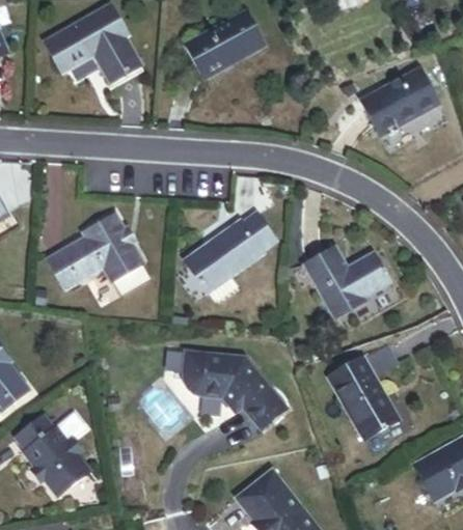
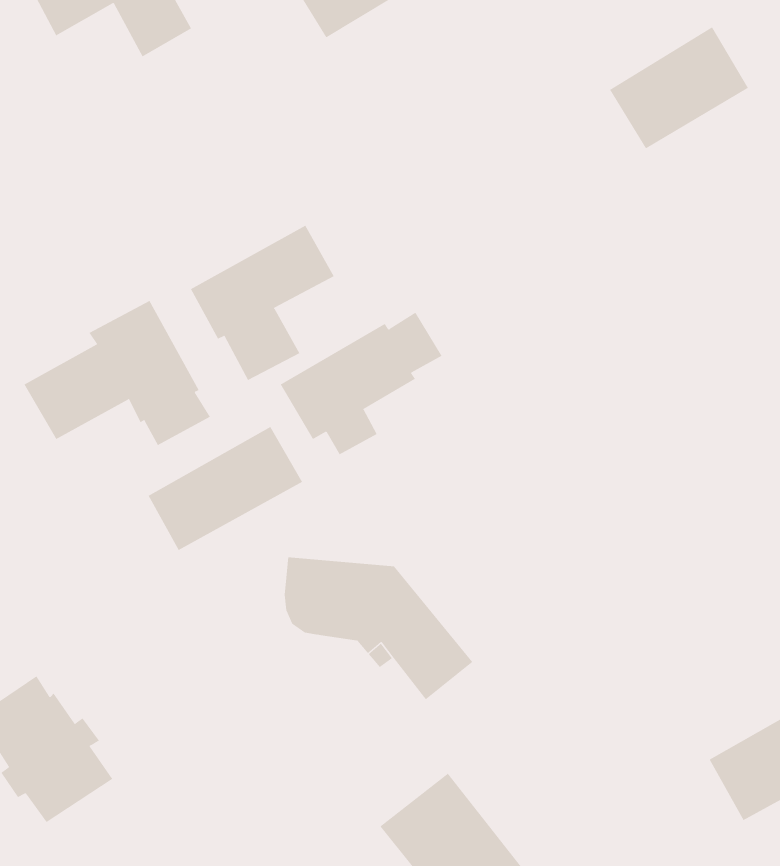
building: none -> [190,225,335,381]
building: [305,245,389,314] -> none
building: none -> [148,426,303,551]
building: [334,347,401,440] -> none

